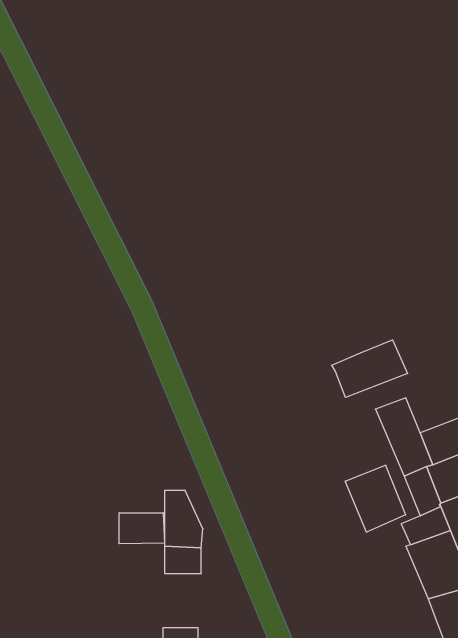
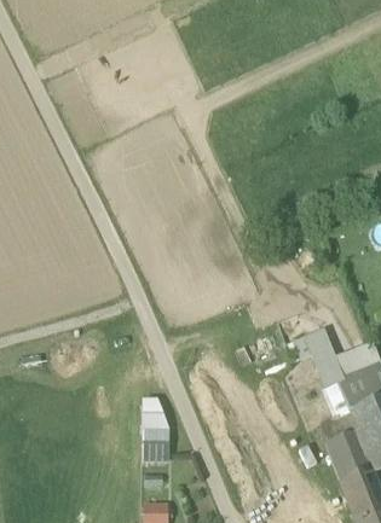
building: [332,340,408,397] -> none
building: [345,465,406,532] -> none
building: [119,513,165,544] -> none

